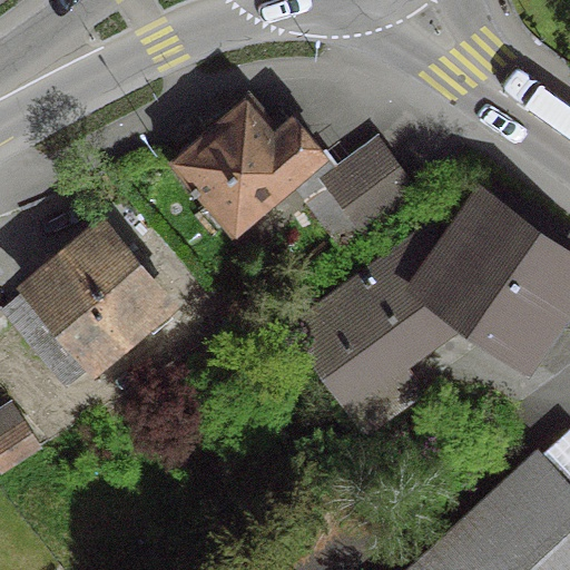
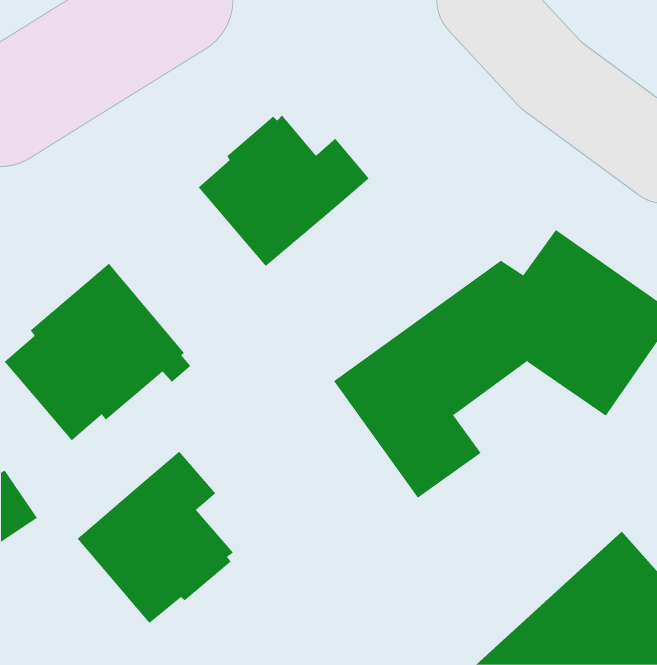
building: [291,139,417,246] -> none
building: none -> [77,451,234,624]

